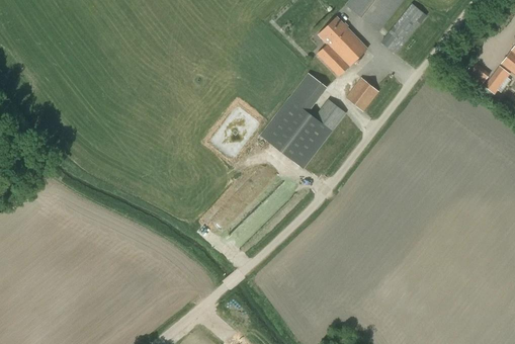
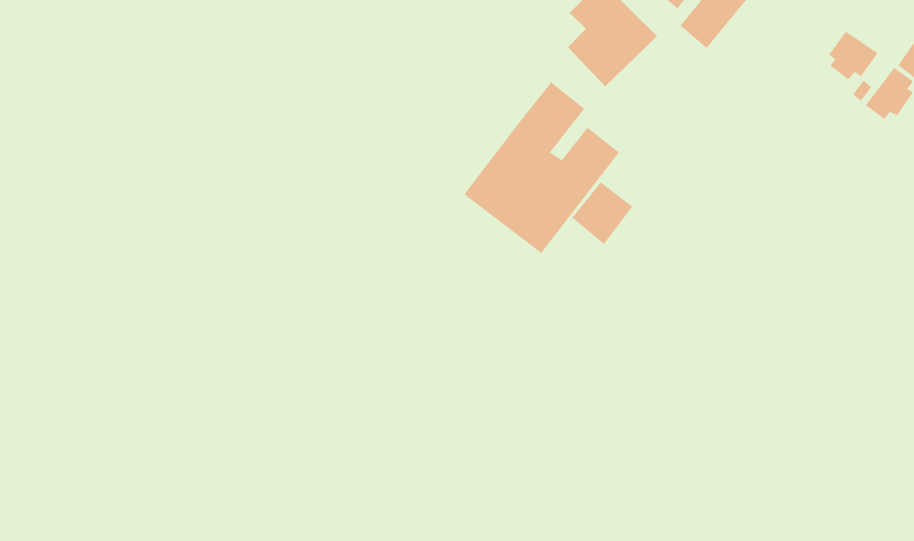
building: none -> [828,31,878,80]
building: [345,76,379,111] -> [571,181,633,245]

